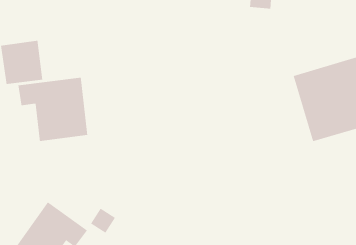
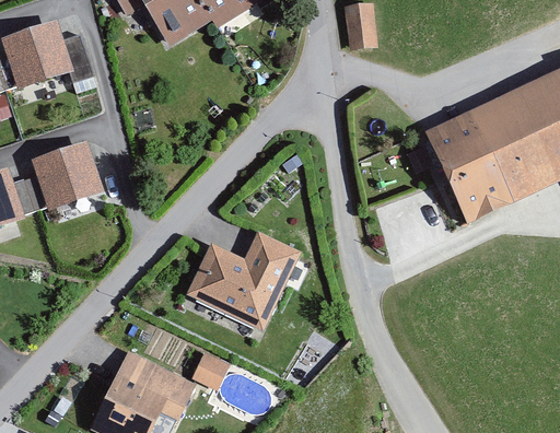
building: [18,77,88,142] -> none
building: none -> [195,236,295,325]

